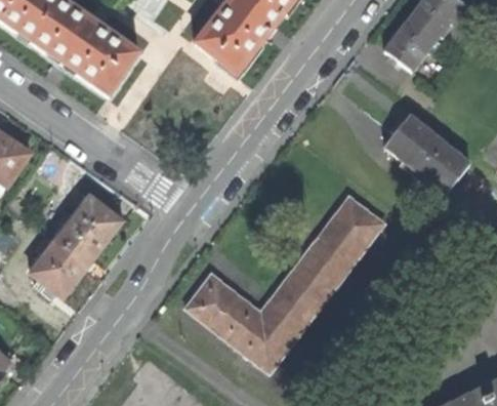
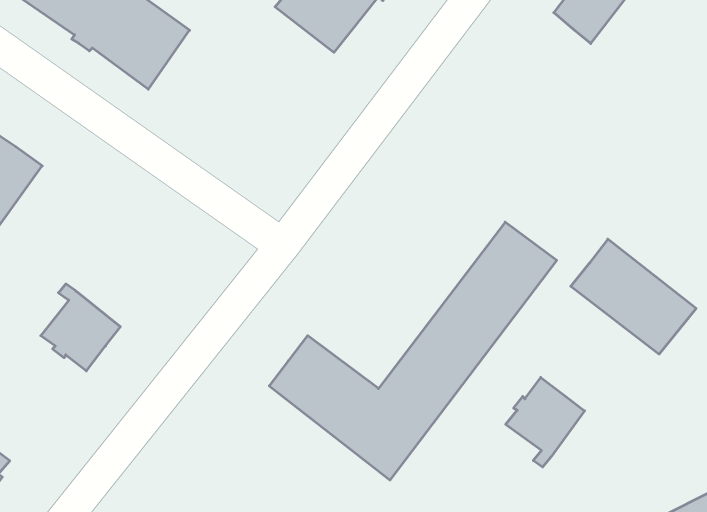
building: [384,113,471,193] -> [571,239,696,354]
building: [54,196,123,265] -> none
building: none -> [506,377,585,467]

